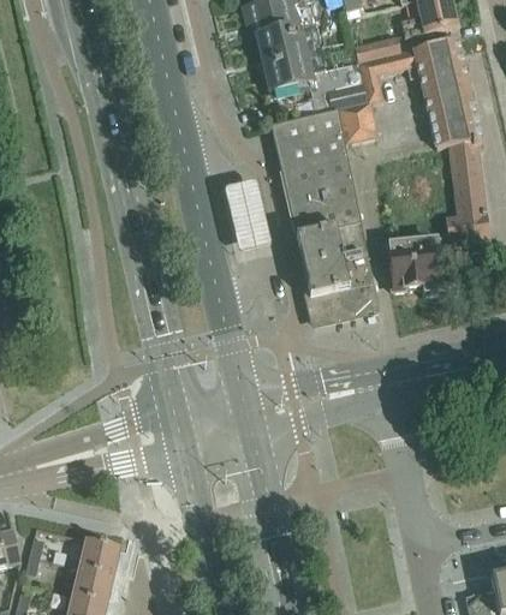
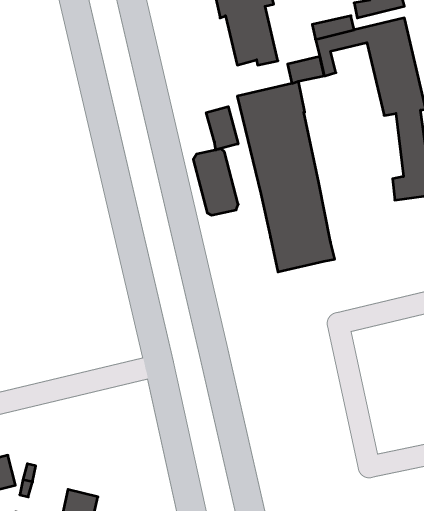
building: [338,100,376,141] -> none
building: none -> [206,107,238,150]
building: [386,237,444,292] -> none
building: [79,536,120,572] -> none

